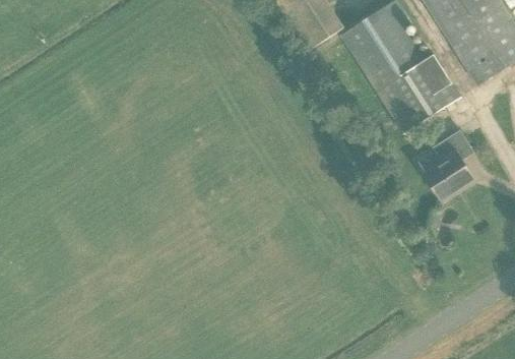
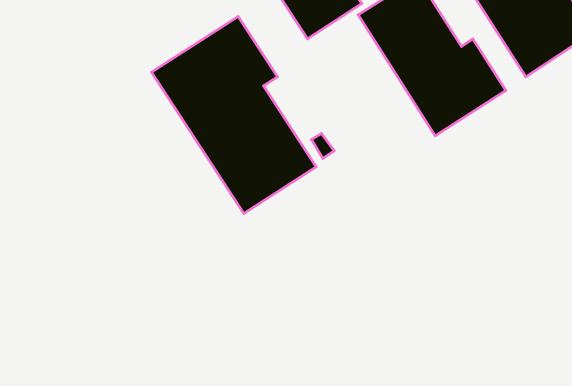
building: none -> [152,17,316,214]
building: [424,128,475,199] -> none

